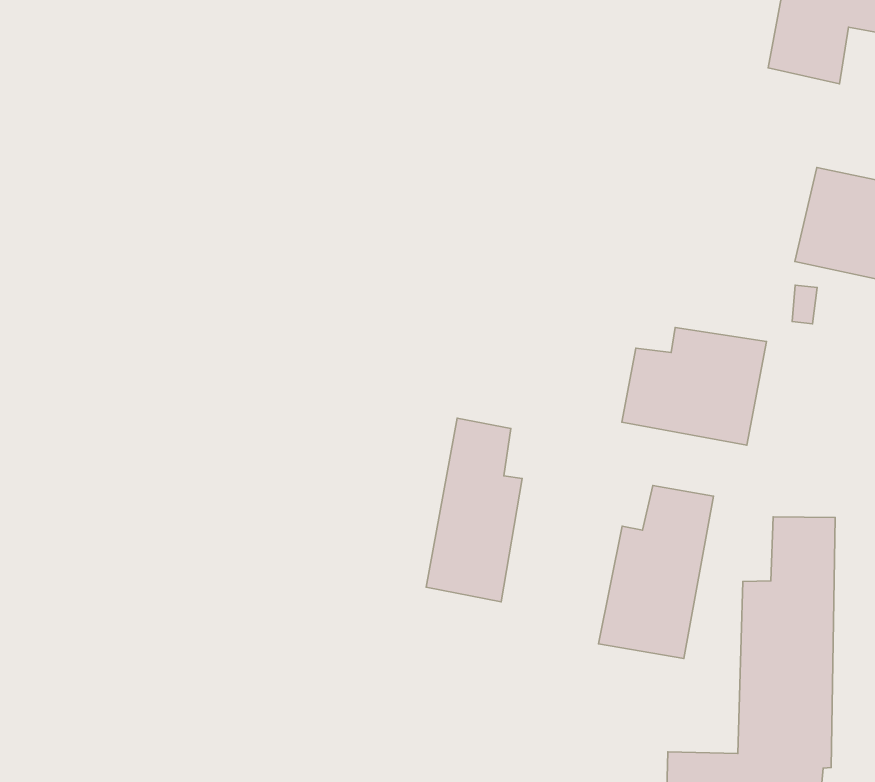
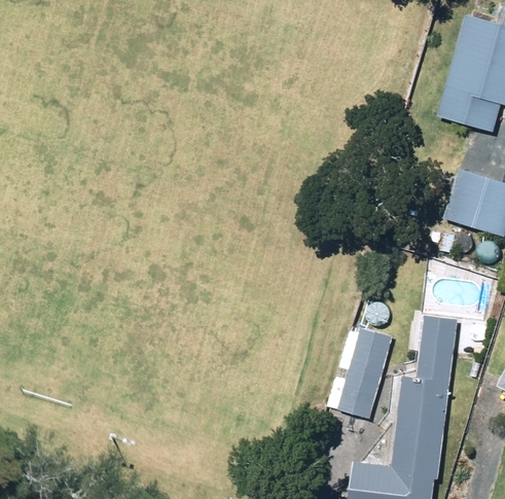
building: [622,327,767,445] -> none
building: [426,418,522,602] -> none

